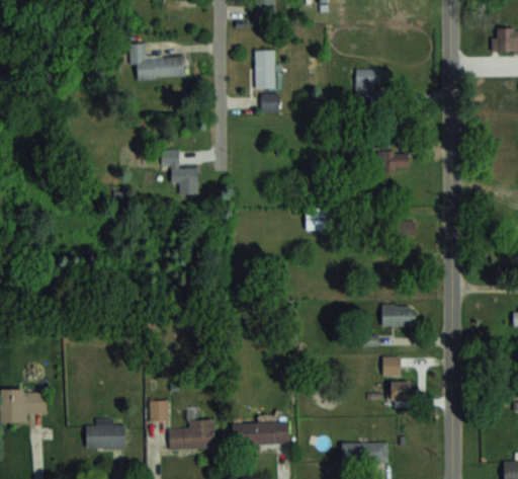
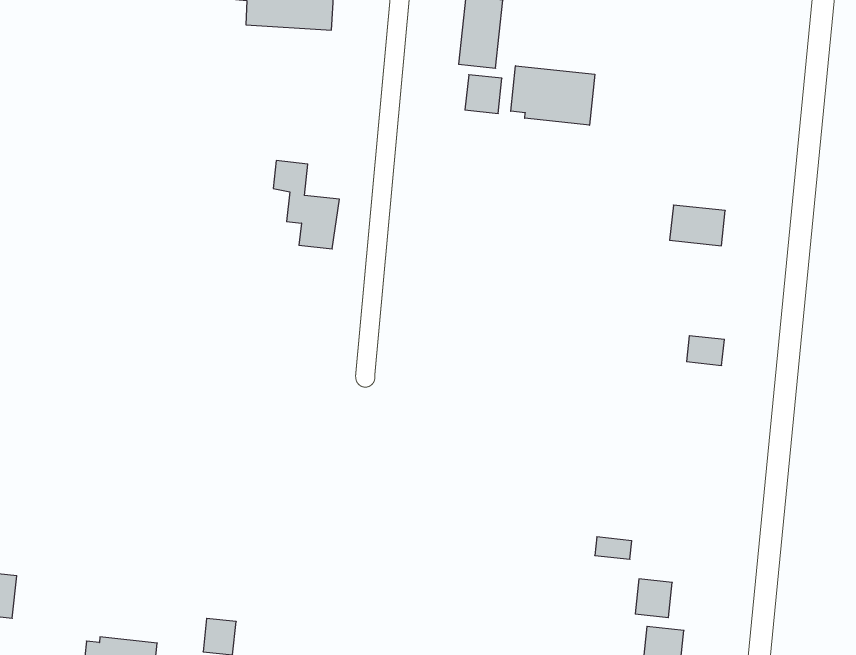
building: [355,70,380,99] -> none
building: none -> [511,66,595,125]
building: [306,211,334,231] -> none
building: [381,304,415,326] -> none

